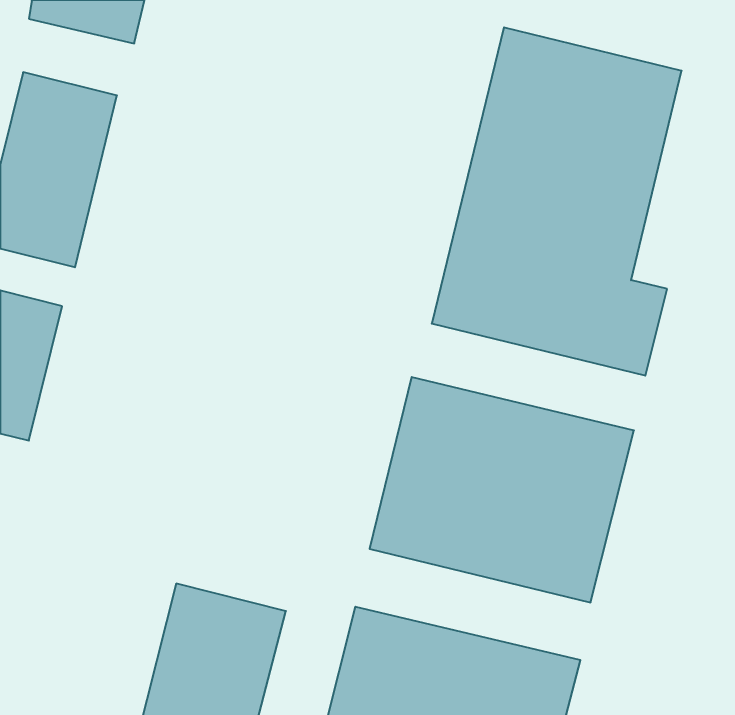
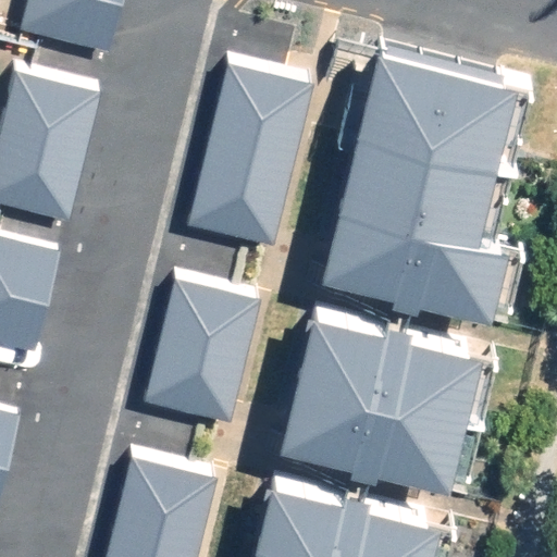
building: none -> [195,65,310,245]
building: none -> [147,280,261,423]

